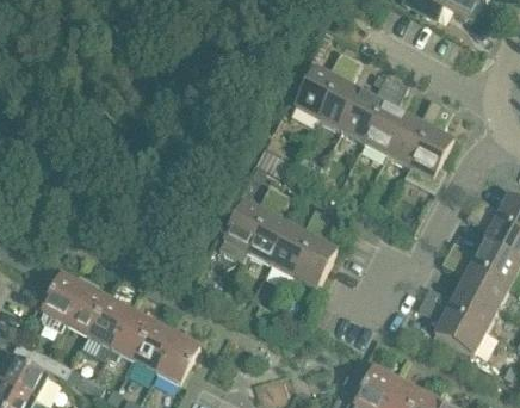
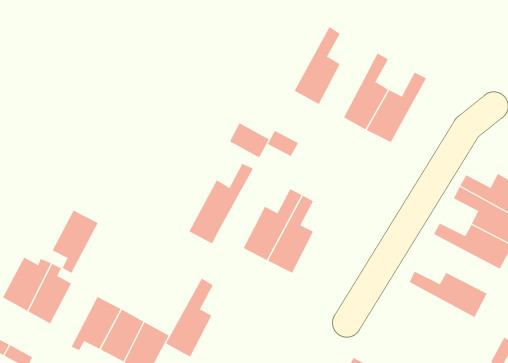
building: [293,50,349,116] -> none
building: [340,74,395,141] -> none
building: [408,104,452,178] -> none
building: [244,188,290,264] -> [165,277,213,357]
building: [441,251,510,307] -> none
building: [419,296,487,353] -> none
building: [87,297,131,357] -> [52,210,99,273]

